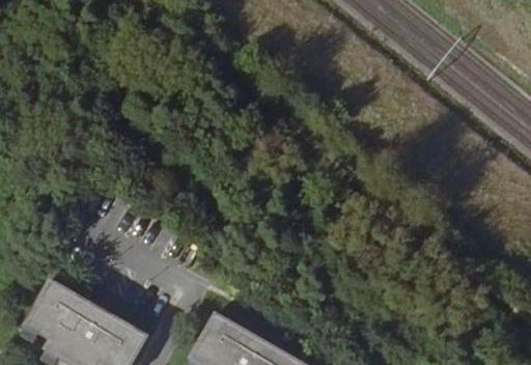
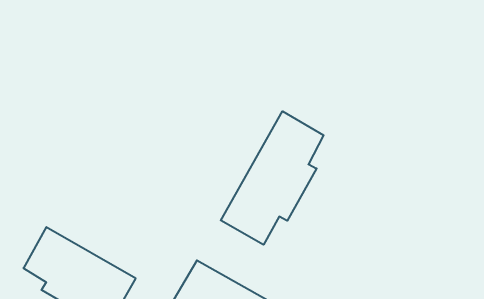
building: none -> [221,111,324,245]

